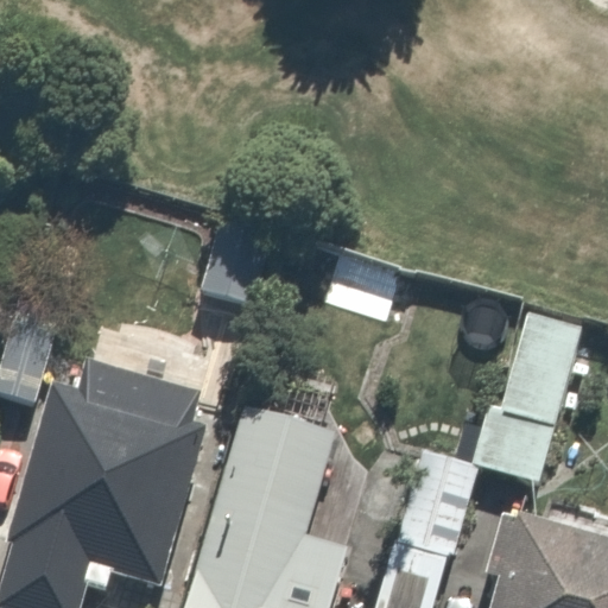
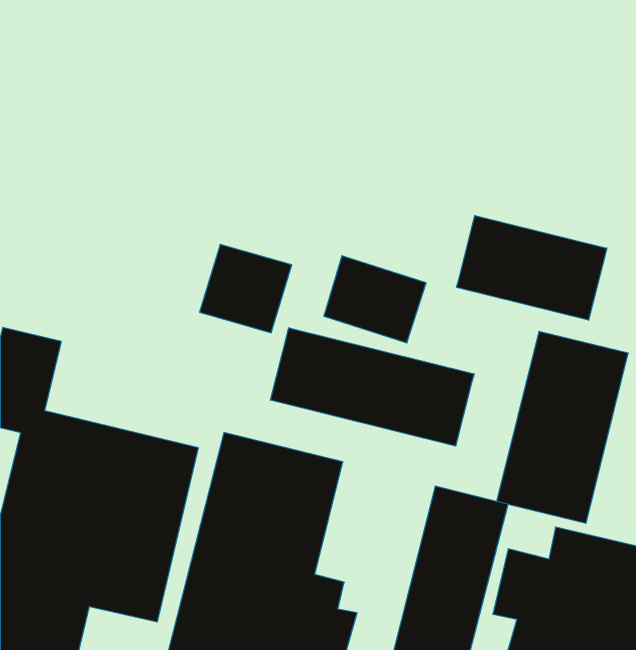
building: none -> [457,215,607,320]
building: none -> [270,328,474,446]

